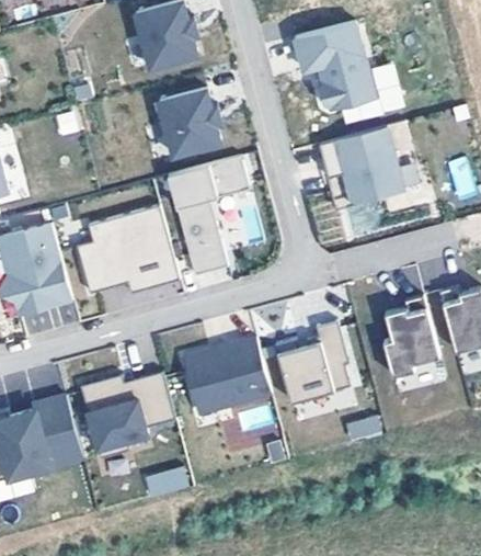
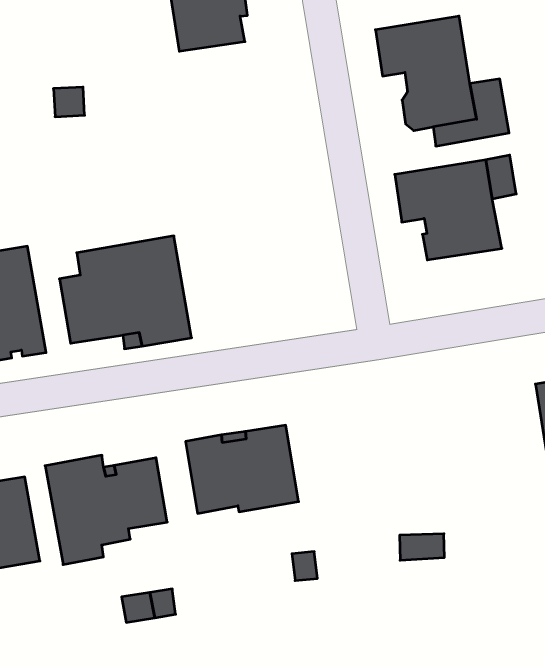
building: [157,89,220,157] -> none
building: [167,156,249,276] -> none
building: [382,294,439,376] -> none
building: [274,321,350,402] -> none

